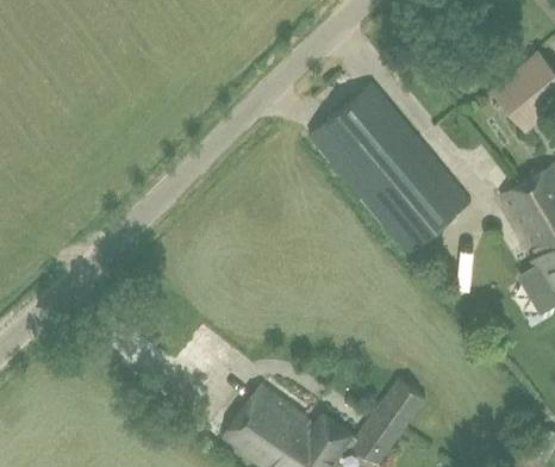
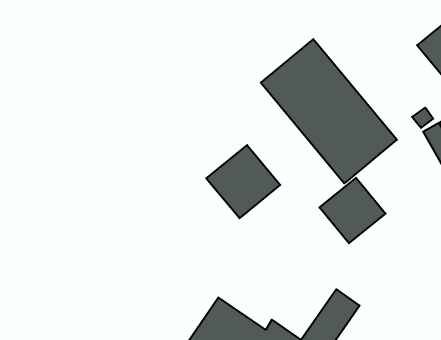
building: none -> [206,145,280,218]
building: none -> [319,178,386,243]

